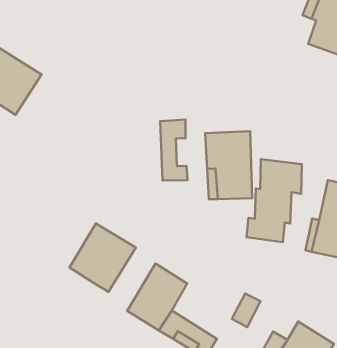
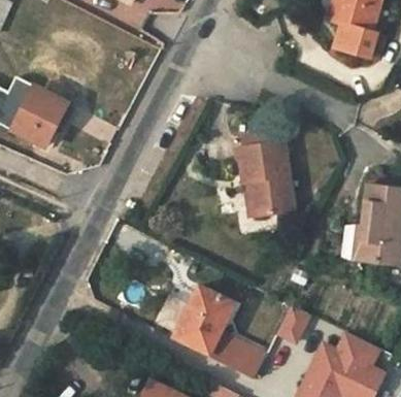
building: [160,120,187,180] -> none
building: [247,159,302,242] -> none
building: [69,224,136,292] -> none

